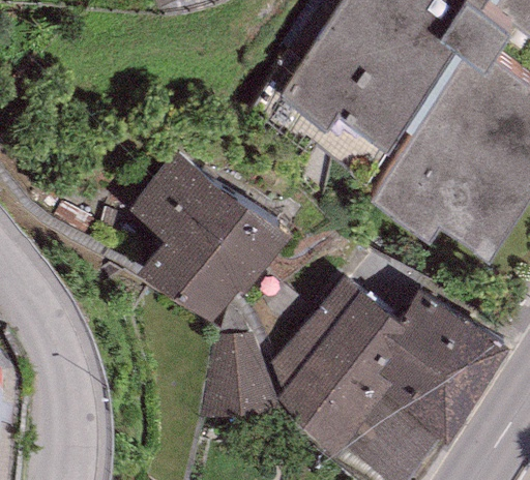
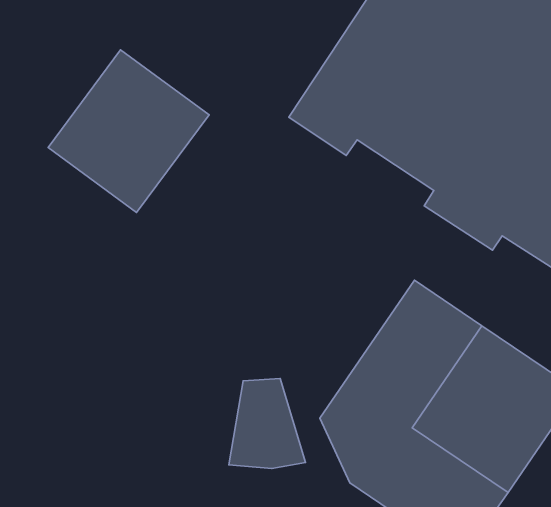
building: none -> [48,50,209,213]
building: [139,154,275,306] -> none

